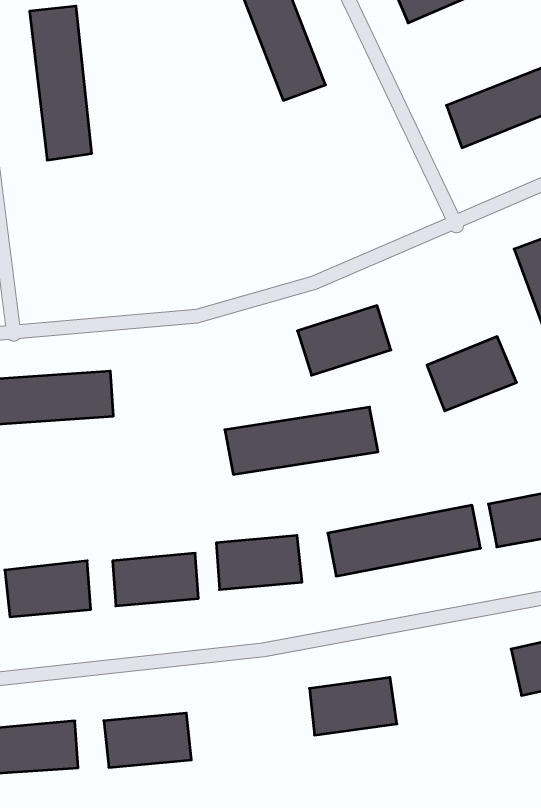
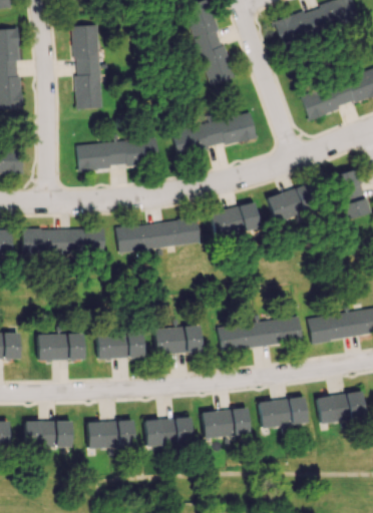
building: none -> [172,113,257,155]
building: none -> [77,139,158,168]
building: [427,337,517,411] -> [267,184,316,223]
building: [225,407,378,474] -> [116,219,201,251]
building: none -> [259,397,308,429]
building: none -> [145,418,192,447]

